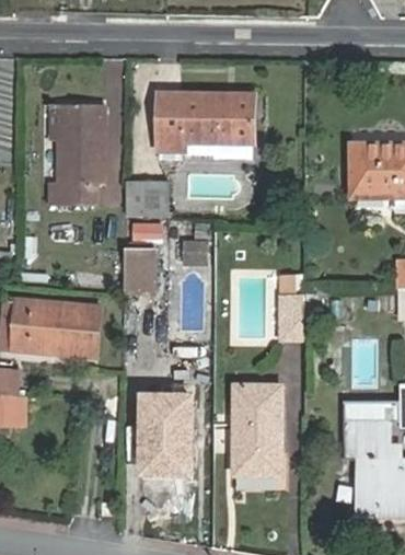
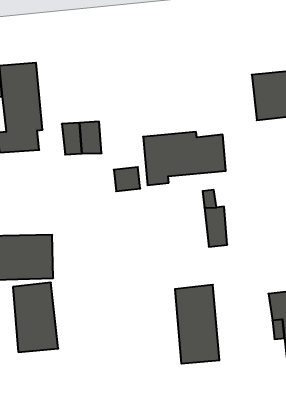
building: [159,93,253,150] -> [143,132,226,185]
building: [121,245,157,291] -> none
building: [141,396,188,474] -> [13,283,58,352]

